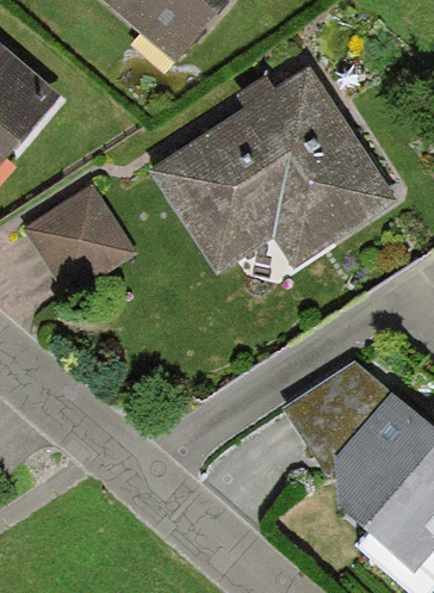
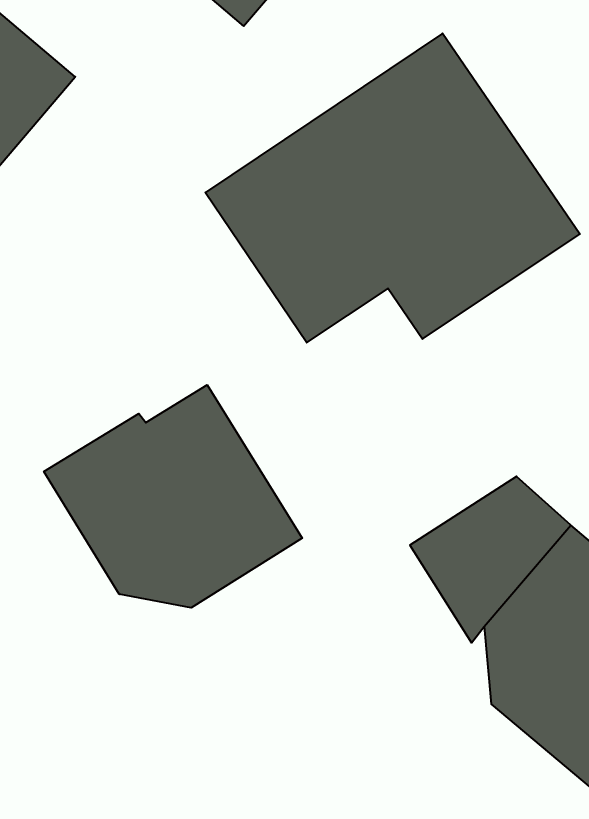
building: [26,183,137,295] -> none
building: none -> [44,385,302,608]

